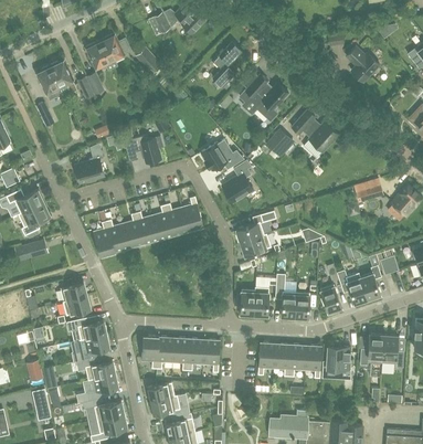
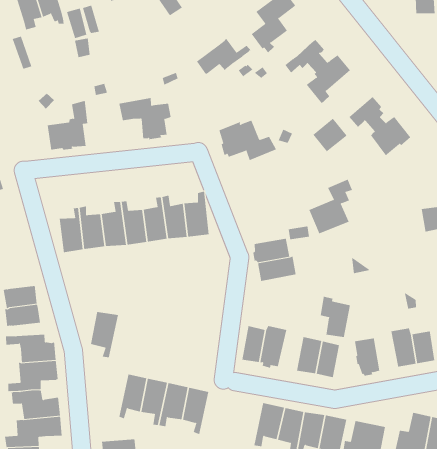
building: none -> [196,38,252,75]
building: [220,158,251,201] -> [309,179,353,234]
building: none -> [320,296,351,338]
building: [141,336,159,368] -> [90,312,119,358]

